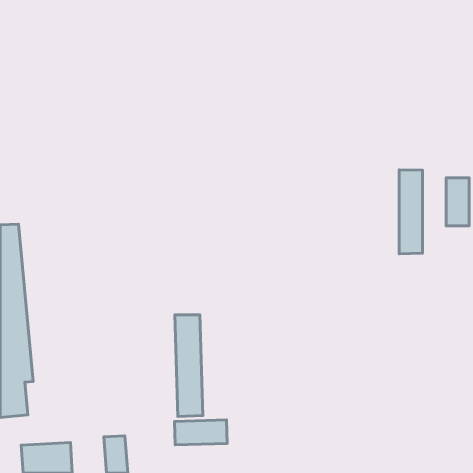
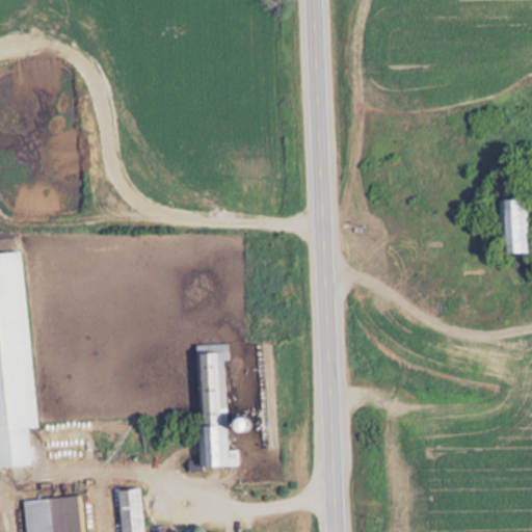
building: [399,170,423,254] -> none
building: [174,420,227,445] -> none

